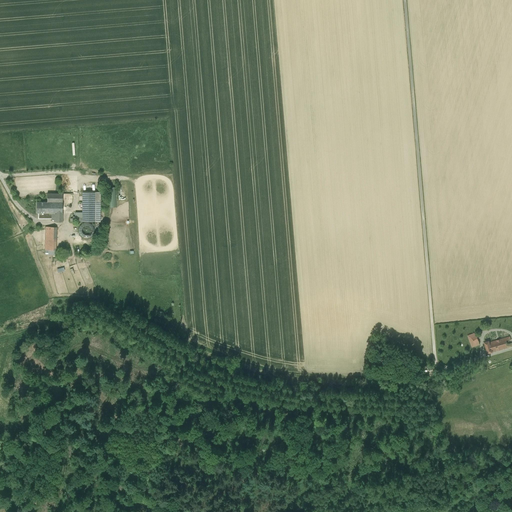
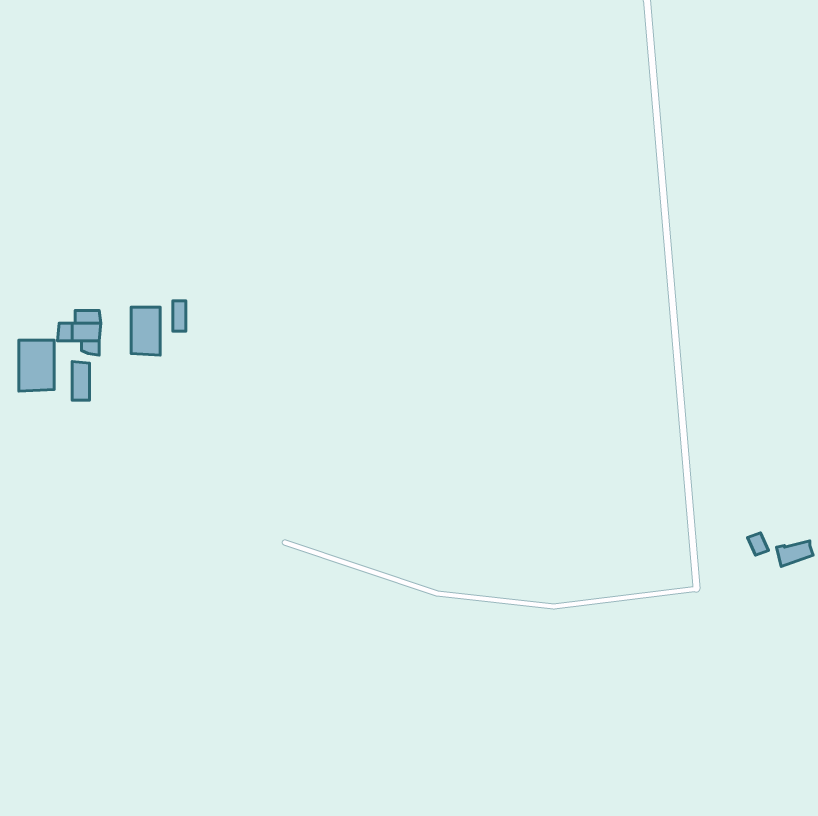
building: none -> [19,340,54,391]

